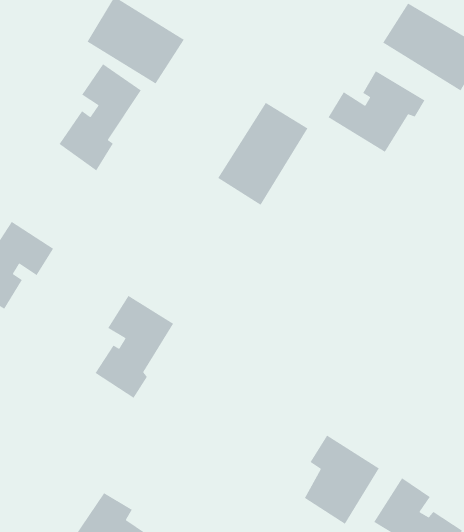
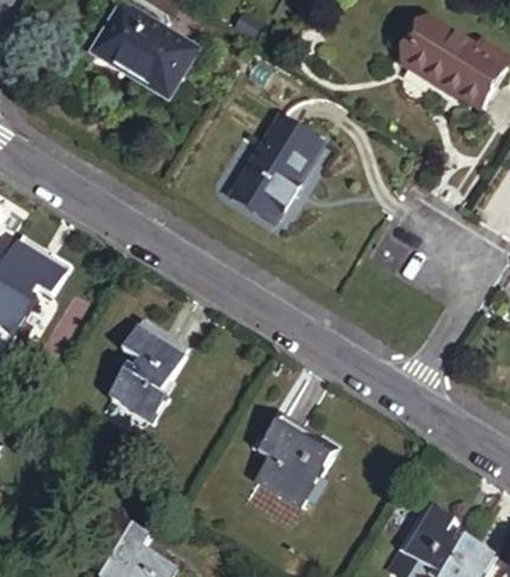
building: [58,63,142,172] -> none
building: [327,70,426,153] -> none
building: [304,435,380,525] -> [253,423,332,516]

